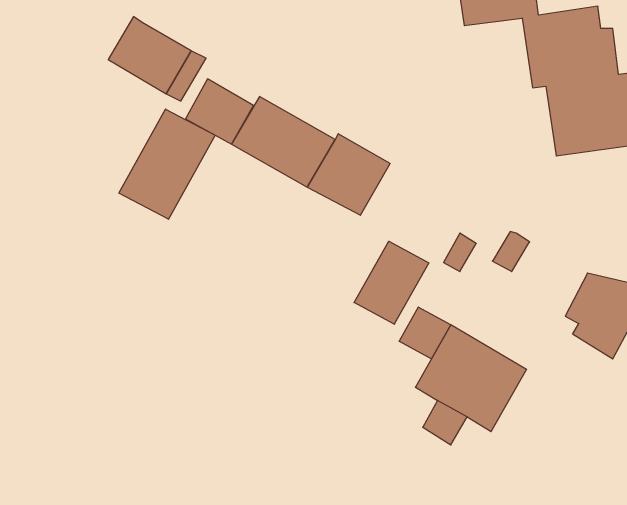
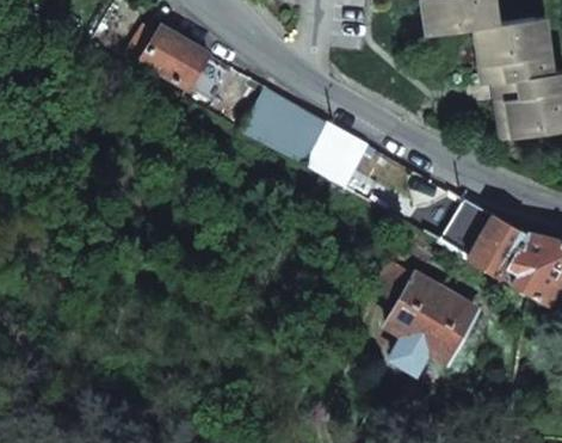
building: [119,109,215,219] -> none
building: [354,241,429,324] -> none
building: none -> [469,215,526,276]

